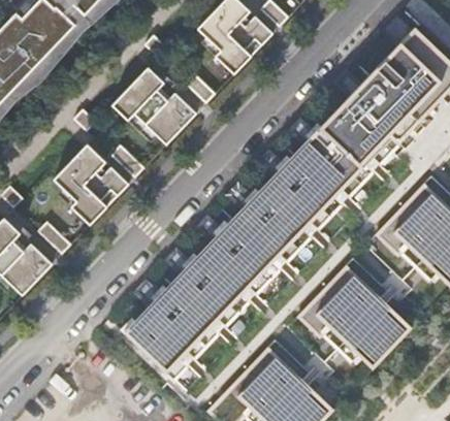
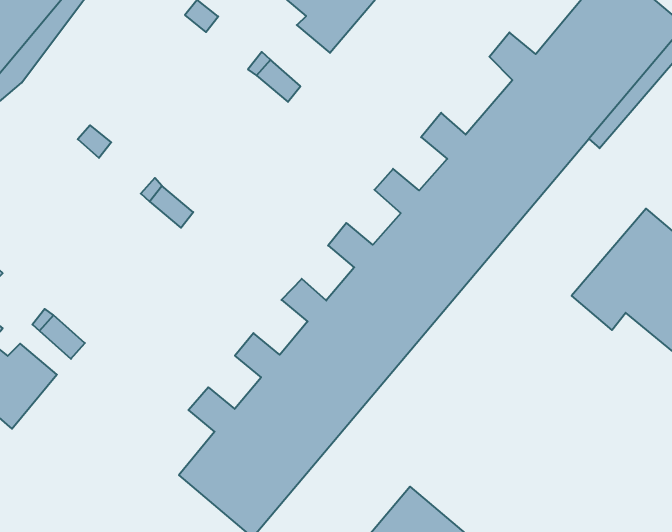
building: [111,67,196,145] -> none
building: [54,149,129,225] -> none
building: [297,264,413,369] -> none

